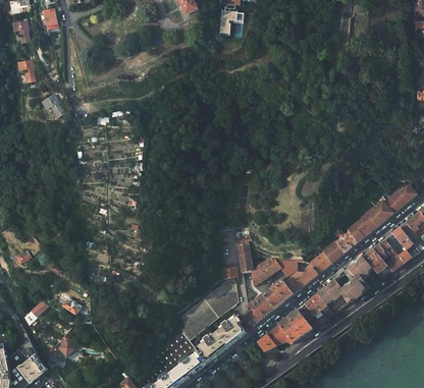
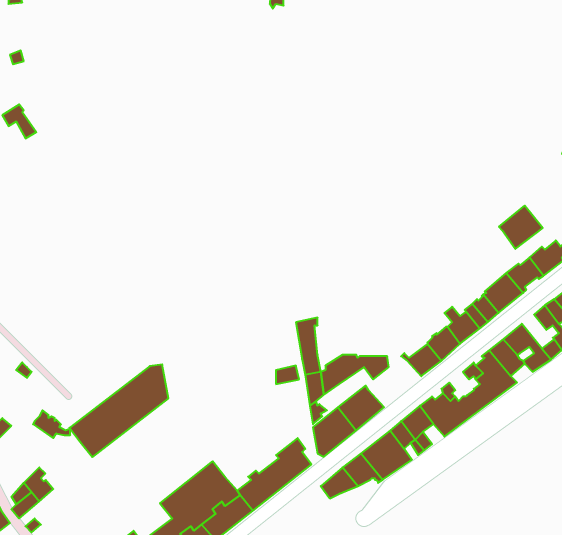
building: none -> [499,206,543,249]
building: [283,261,318,294] -> none
building: [173,279,238,340] -> [69,364,168,457]

